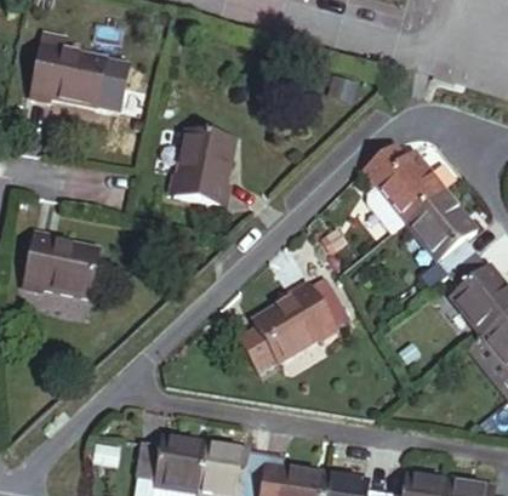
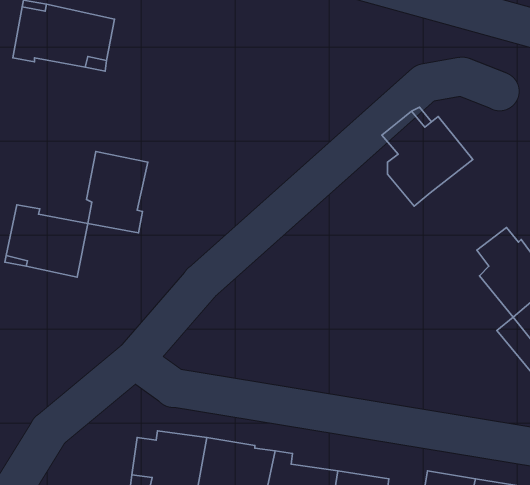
building: [177,127,233,201] -> [86,151,148,233]
building: [407,189,476,287] -> none
building: [238,280,337,366] -> none

